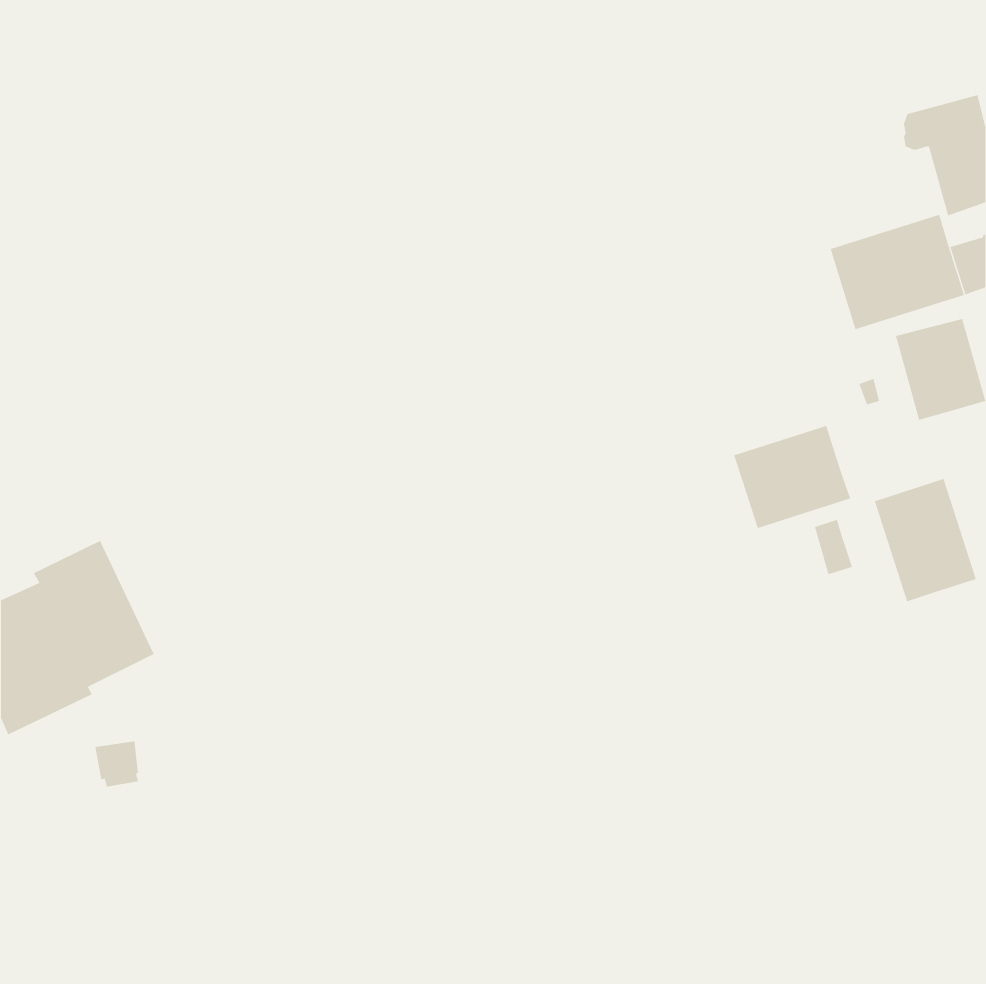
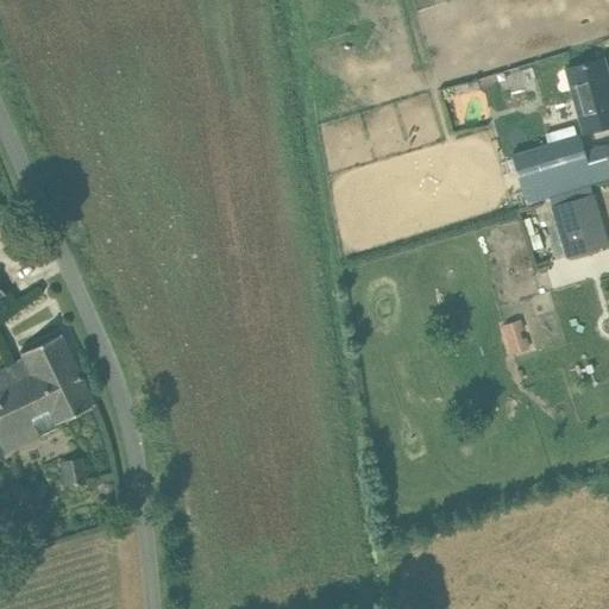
building: [734,425,851,529] -> none
building: [874,478,976,602] -> none

